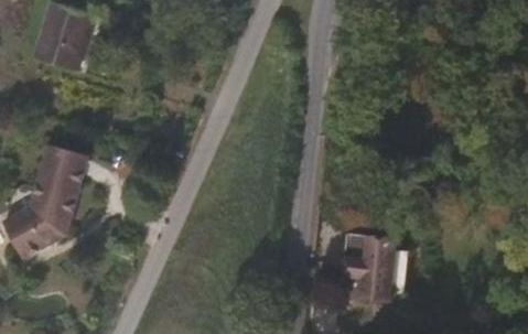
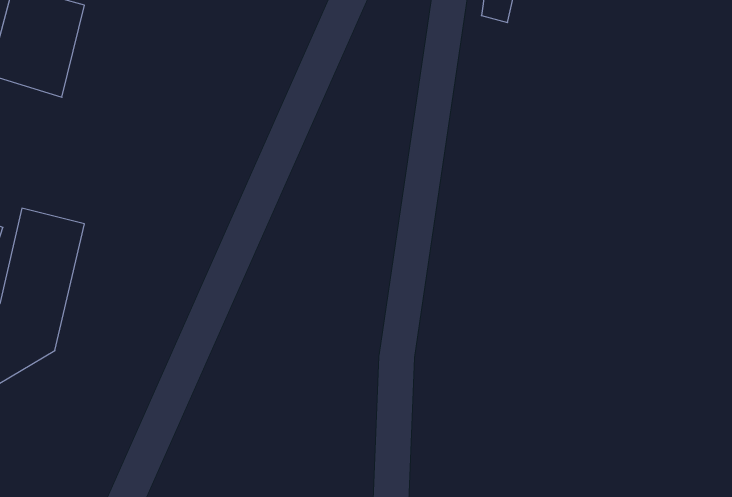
building: [335,243,403,310] -> none

